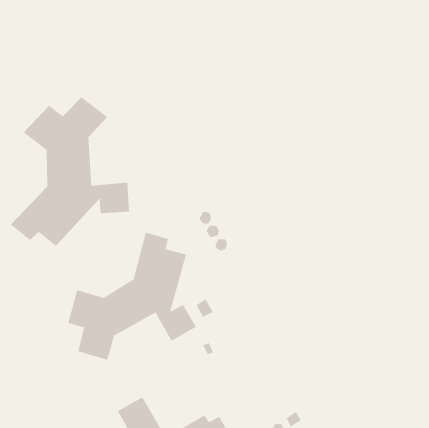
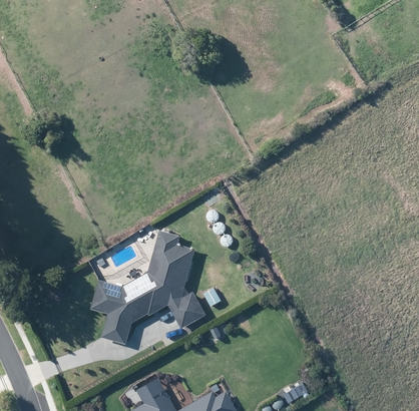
building: [10,97,129,247] -> none

